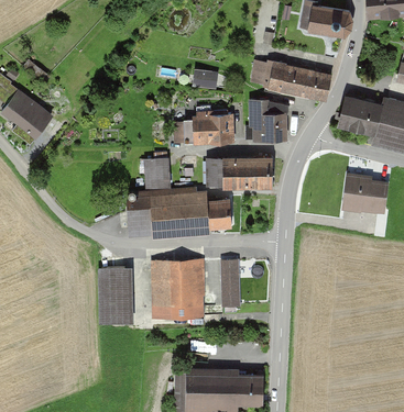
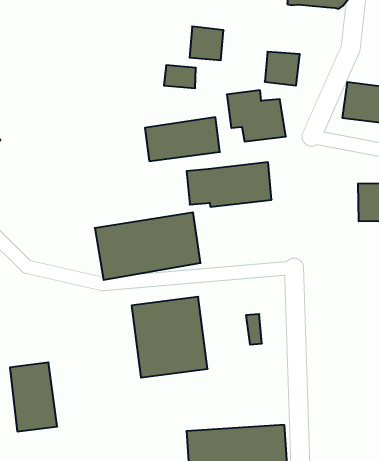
building: [250,59,280,89] -> [190,26,224,60]
building: [301,69,331,99] -> none
building: [145,154,172,186] -> none
building: [208,200,230,229] -> none
building: [221,259,241,309] -> none
building: [99,269,133,323] -> [10,363,57,431]

